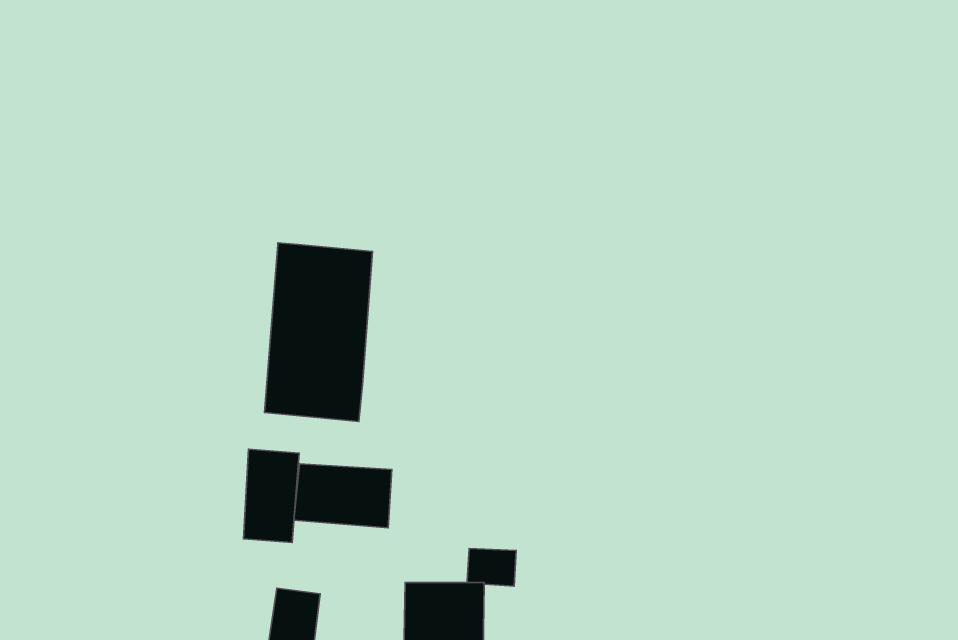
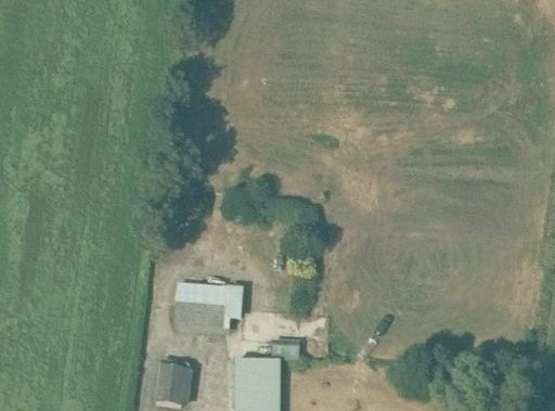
building: [264,243,373,421] -> none
building: [244,449,299,542] -> none

